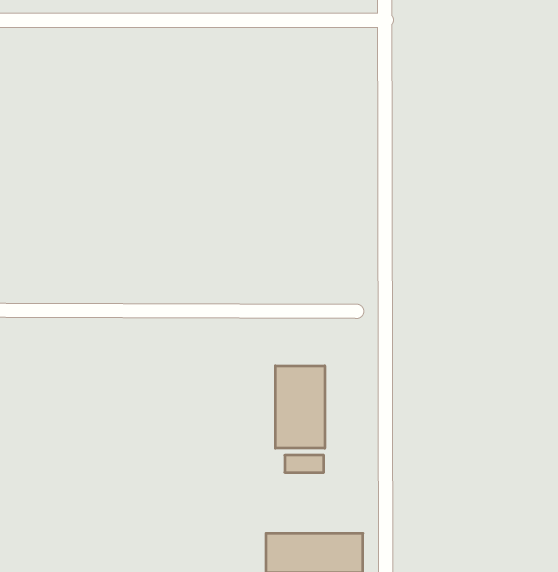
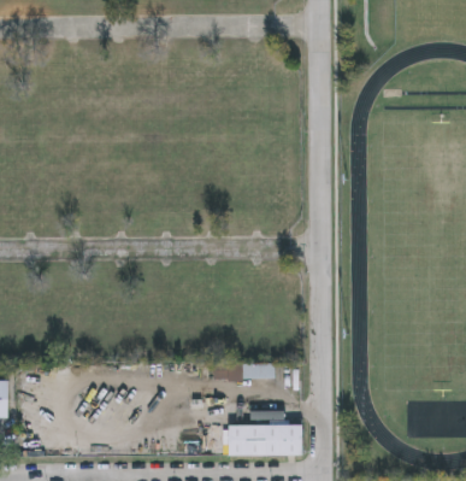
building: [275,366,325,448] -> none

